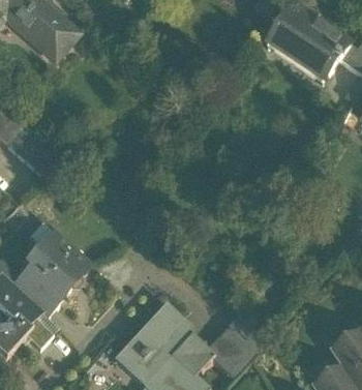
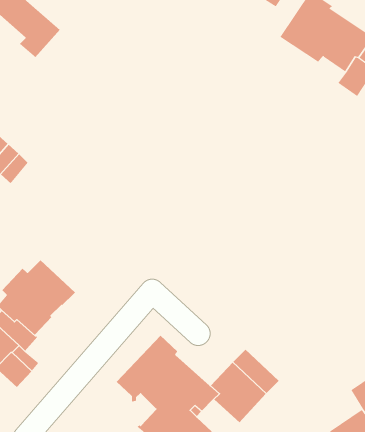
building: [113,344,158,384] -> none

